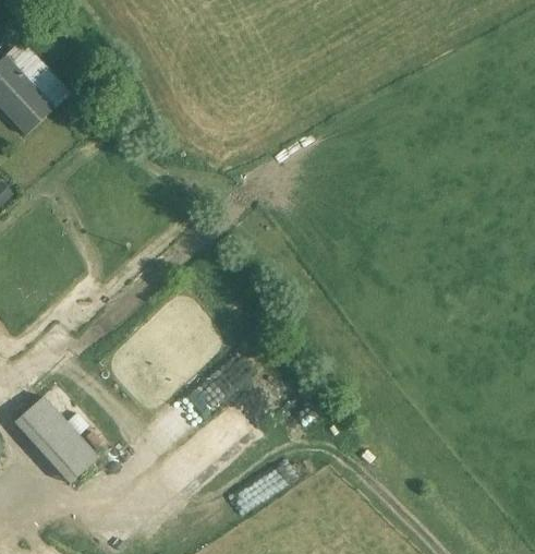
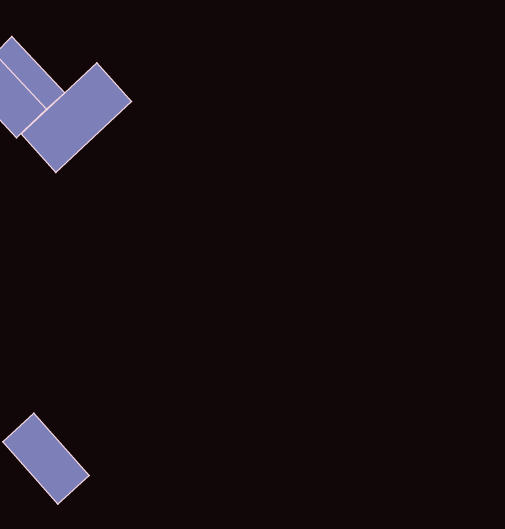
building: none -> [21,63,132,173]

